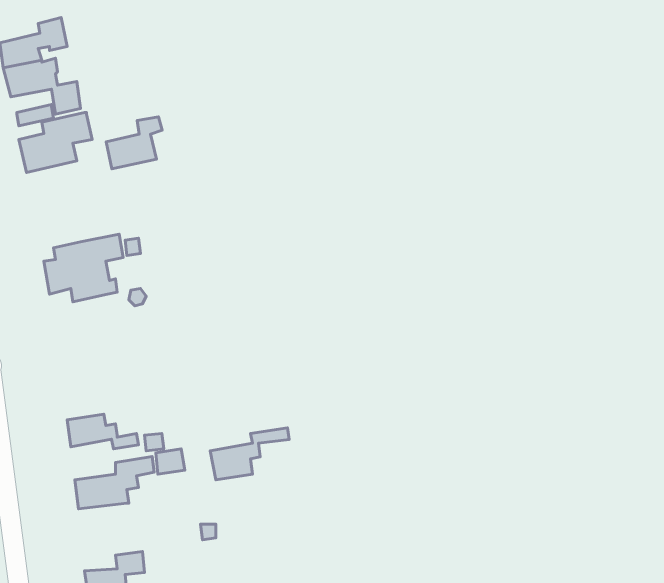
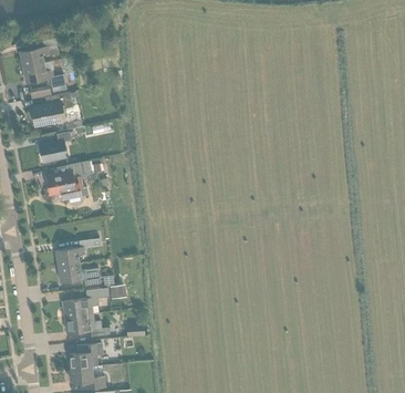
building: [106,117,162,169] -> [38,132,70,162]
building: [210,428,289,480] -> [54,238,100,268]
building: none -> [64,316,106,337]

